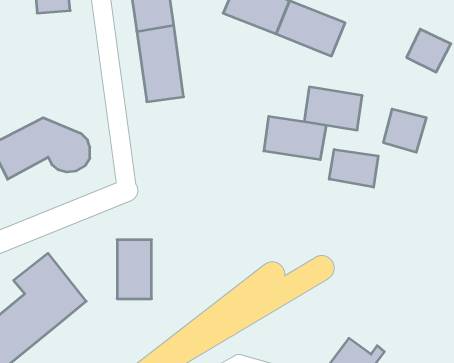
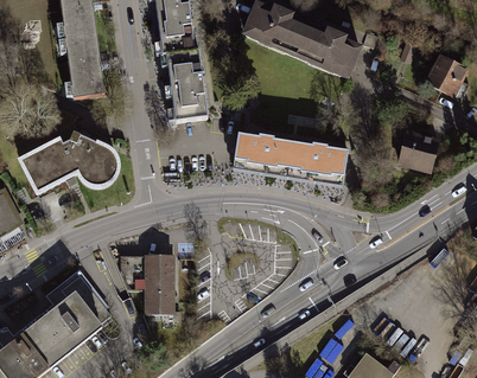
building: none -> [65,34,102,94]
building: [304,87,362,130] -> [233,128,288,169]
building: [329,149,378,187] -> none

